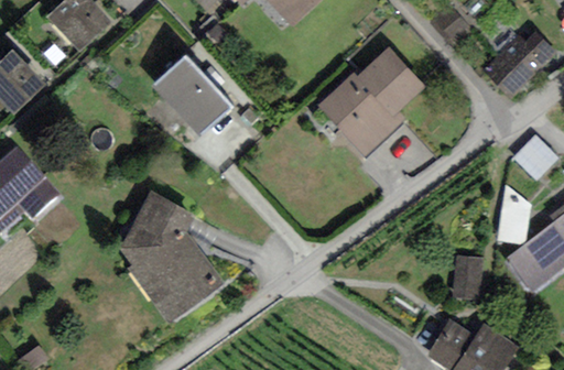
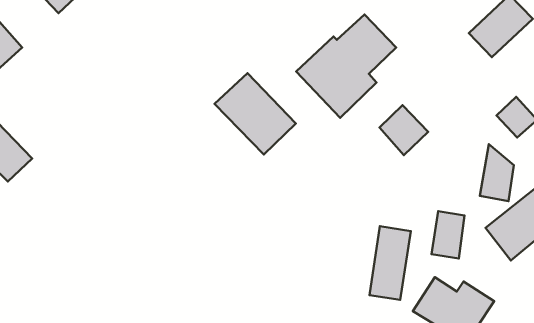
building: [153,54,235,135] -> [214,73,296,154]
building: none -> [379,105,428,155]
building: [117,197,217,323] -> none
building: none -> [369,226,411,300]

